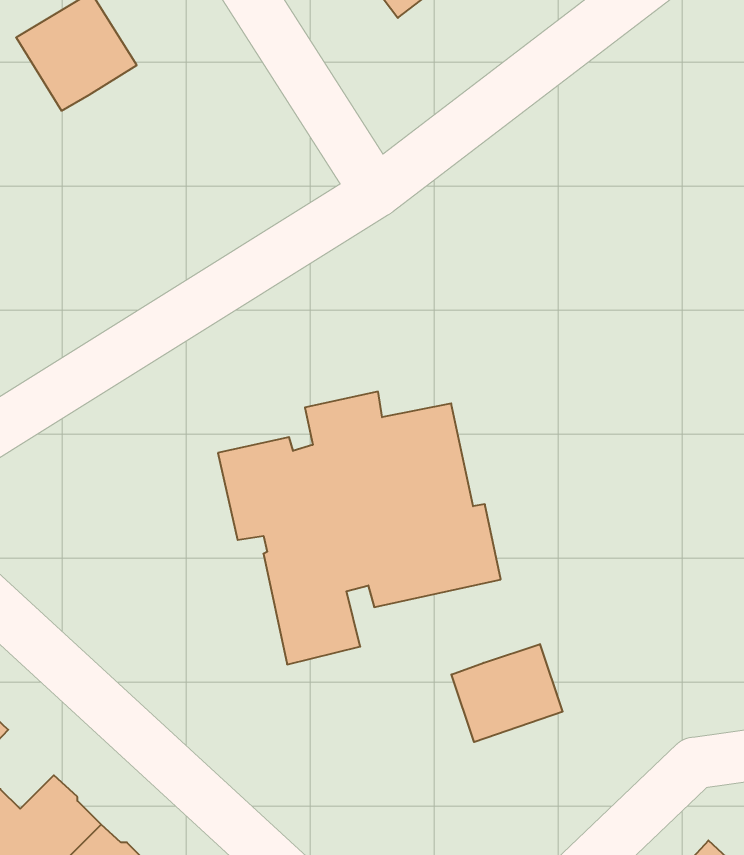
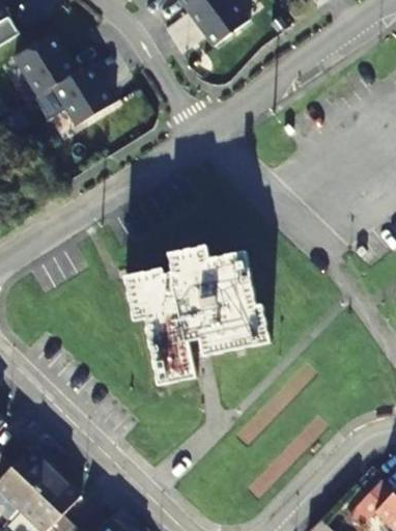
building: none -> [32,65,111,129]
building: [451,644,563,742] -> none

